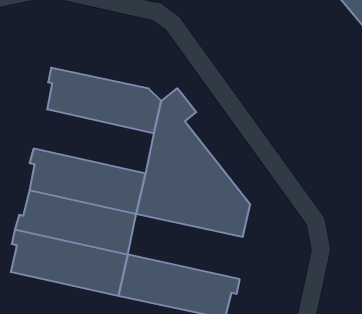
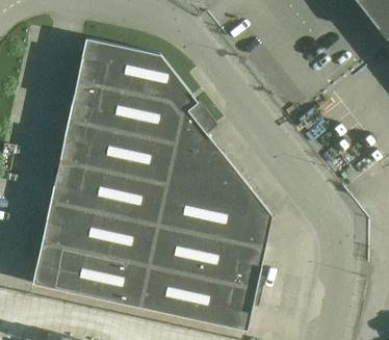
building: none -> [72,38,197,112]
building: none -> [54,121,175,185]
building: none -> [149,226,264,291]

